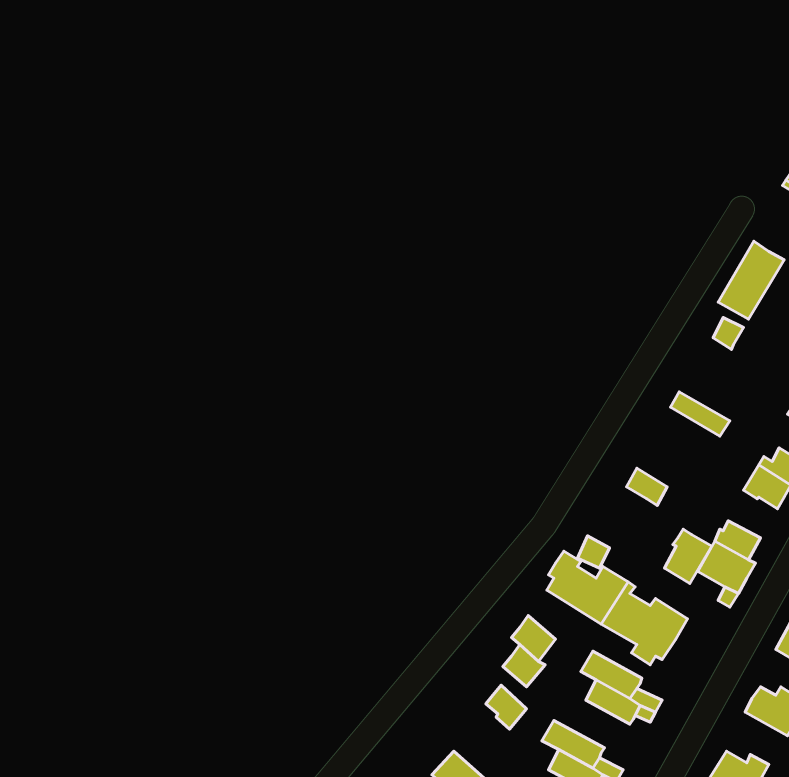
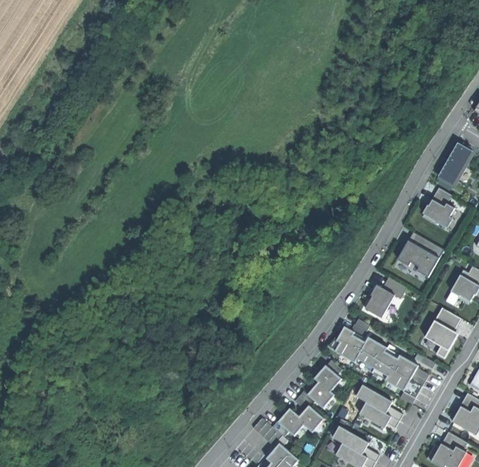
building: none -> [423,200,453,226]
building: none -> [398,241,437,275]
building: [664,529,712,584] -> [366,285,394,317]
building: none -> [278,408,306,435]

